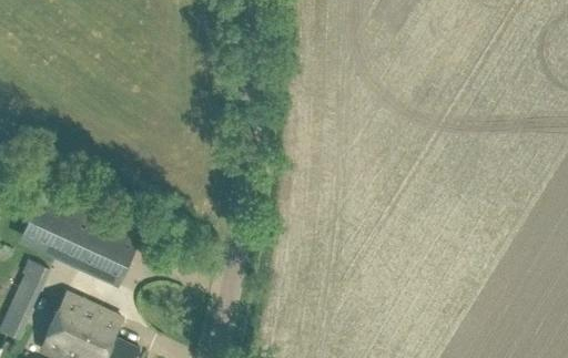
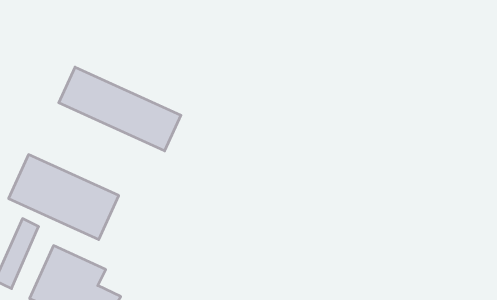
building: none -> [59,67,181,151]

